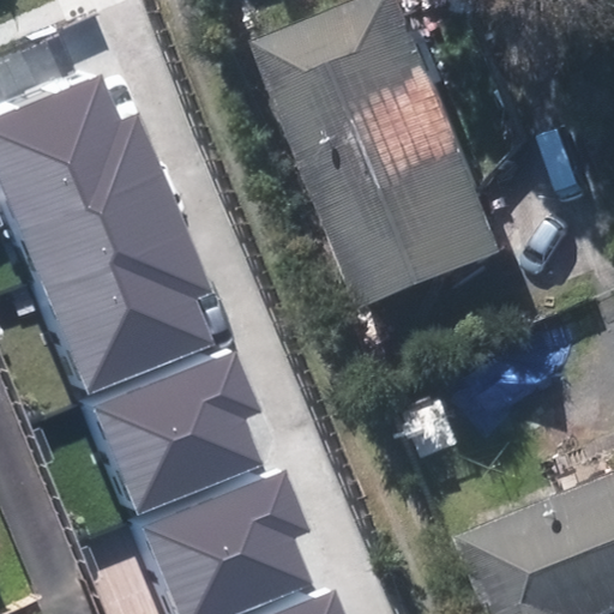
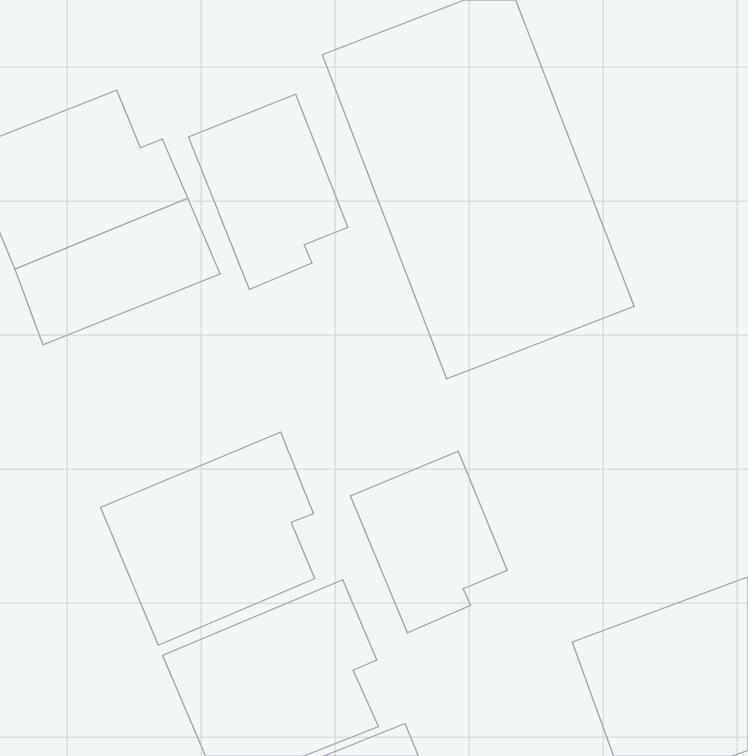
building: none -> [189,94,348,289]
building: [35,222,210,396] -> none
building: none -> [350,451,507,633]

